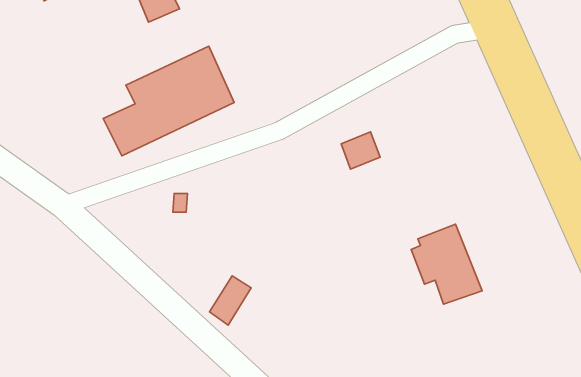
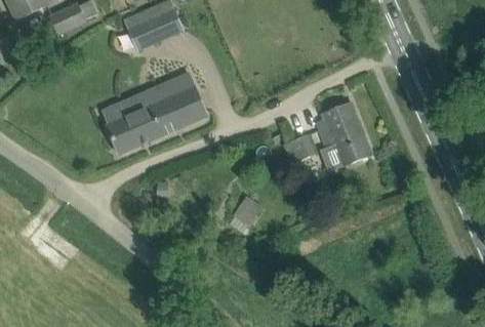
building: [411,224,482,304] -> [318,104,372,165]
building: [210,276,251,325] -> [230,197,261,235]

